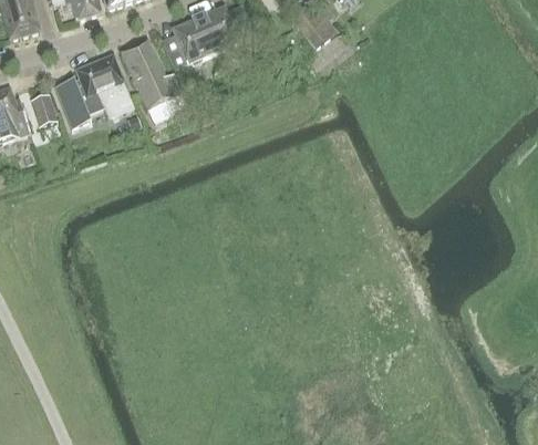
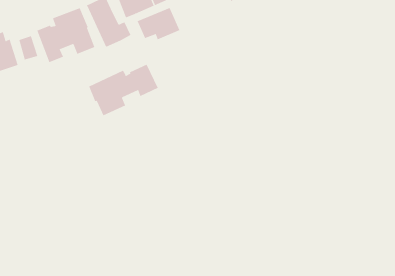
building: none -> [137,7,180,40]
building: none -> [89,64,158,116]

